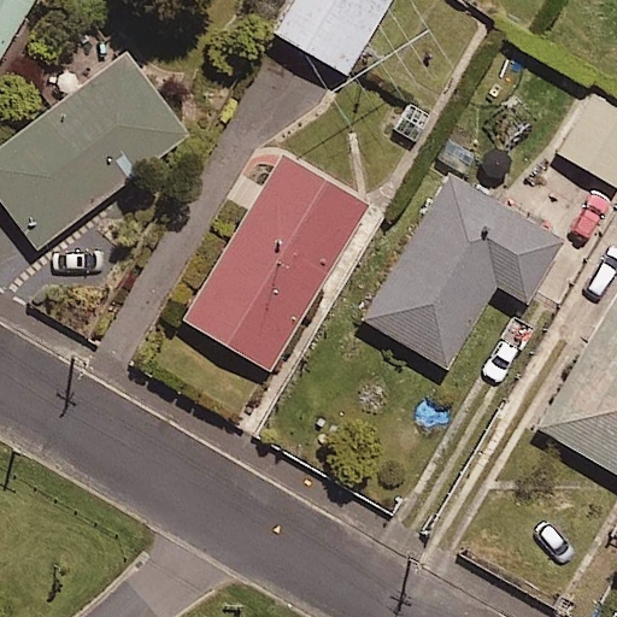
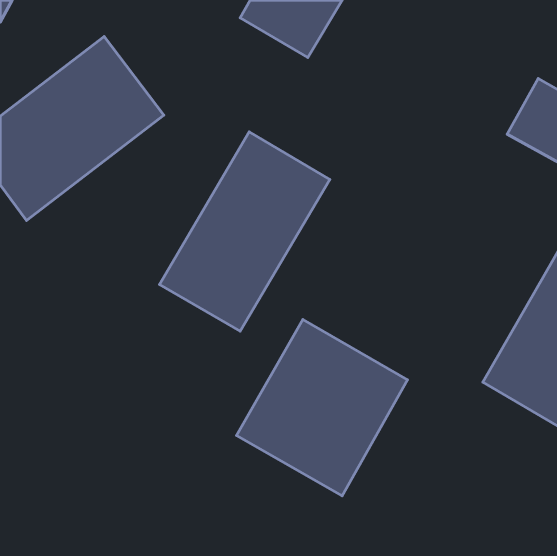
building: [364,175,564,369] -> none
building: none -> [237,319,408,496]

